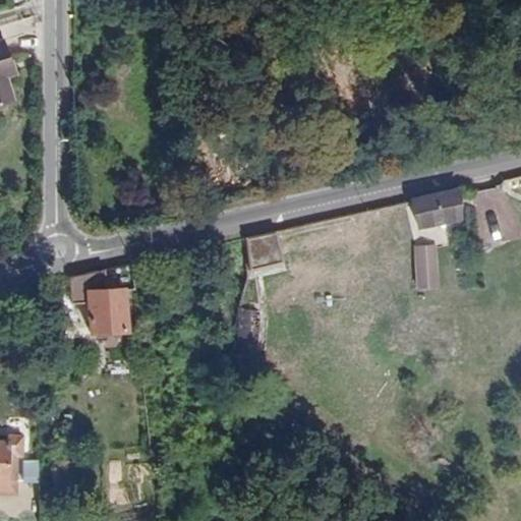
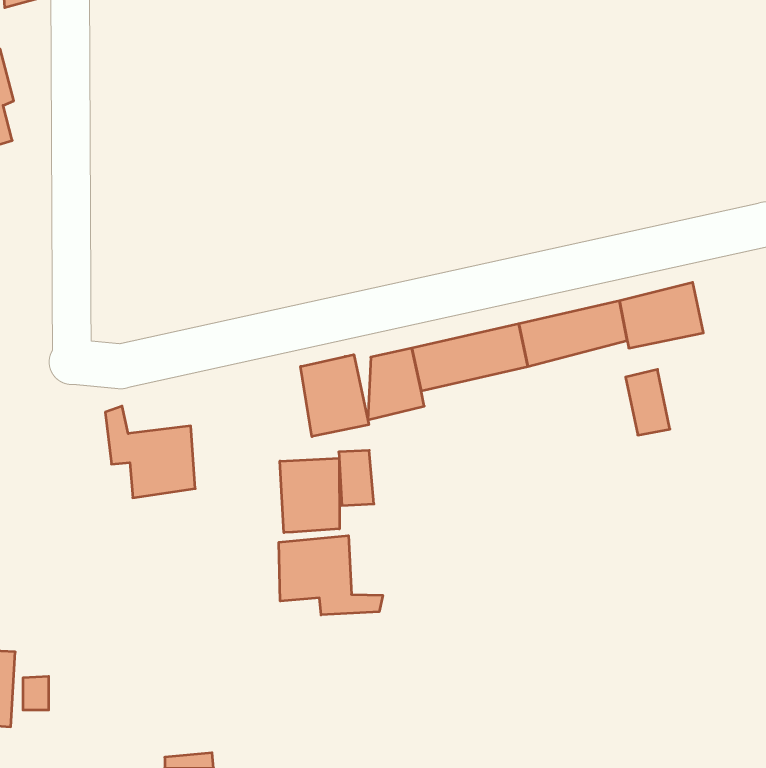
building: none -> [301,355,369,437]
building: none -> [280,458,339,533]
building: none -> [279,536,383,615]

